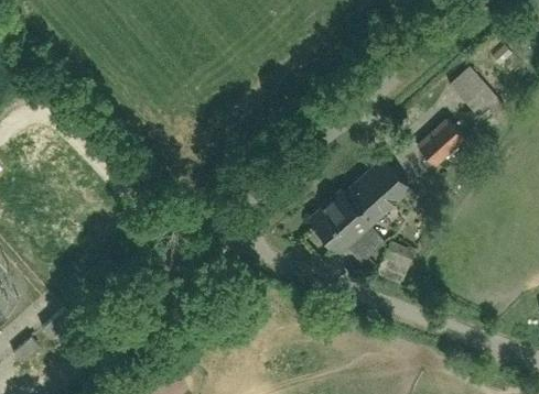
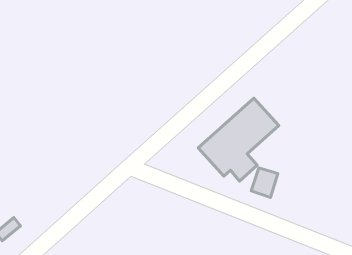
building: [451,68,505,123] -> none
building: [416,118,467,168] -> none

